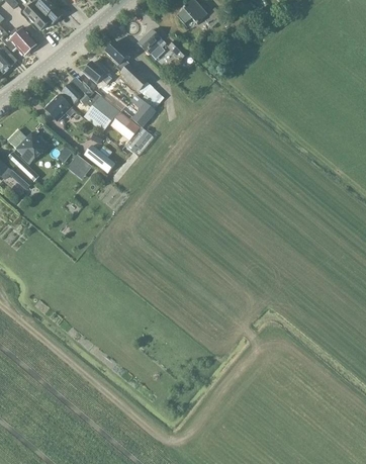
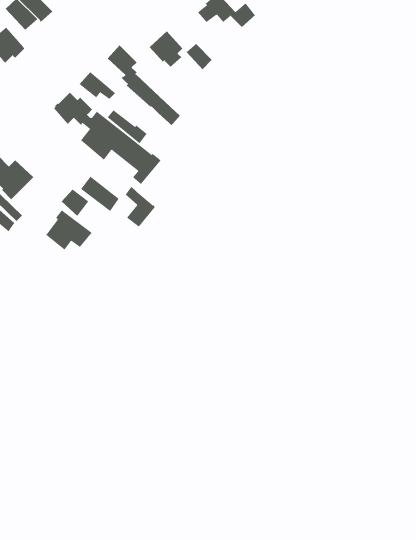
building: [44,94,74,120] -> none
building: [130,94,155,127] -> [125,186,156,228]
building: none -> [45,209,93,250]

